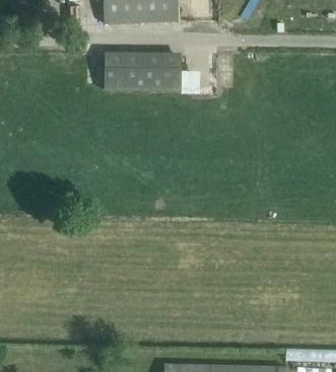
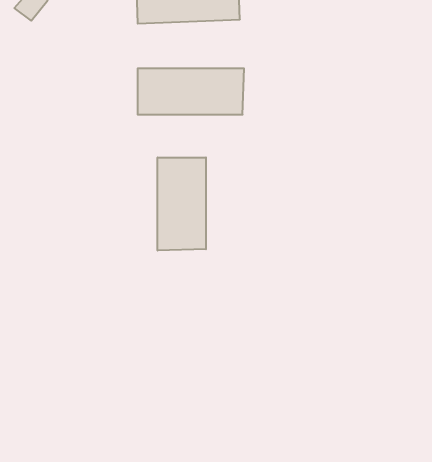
building: none -> [158,157,206,251]

